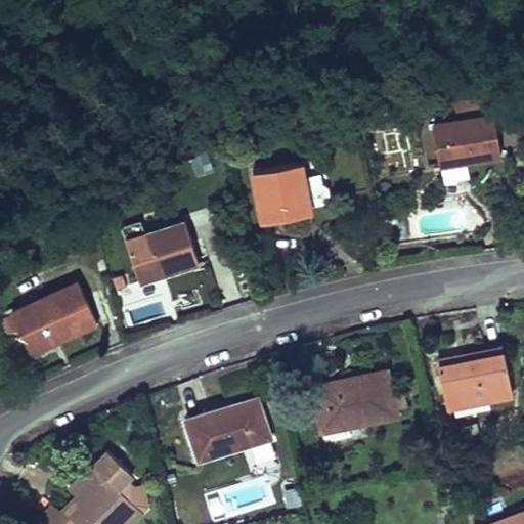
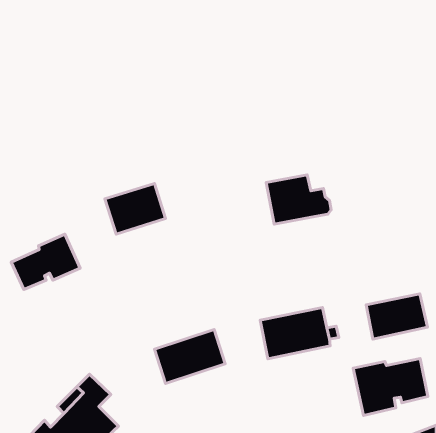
building: [434,116,498,186] -> none
building: [253,165,331,224] -> [266,175,331,224]
building: none -> [353,358,428,415]

